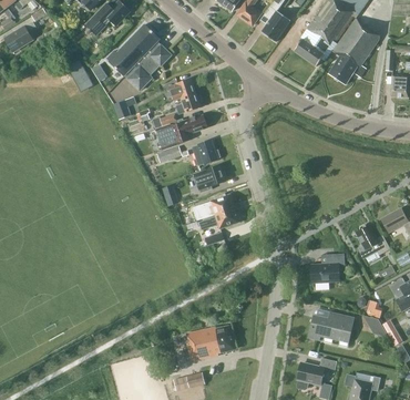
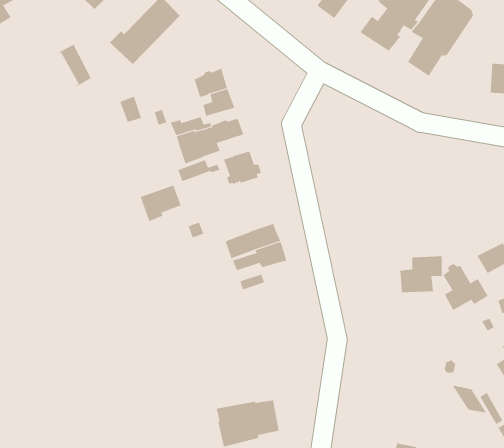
building: [124,41,172,91] -> none
building: [194,165,225,193] -> [140,185,181,222]
building: [312,254,345,281] -> [400,256,443,293]
building: [308,311,355,342] -> none

